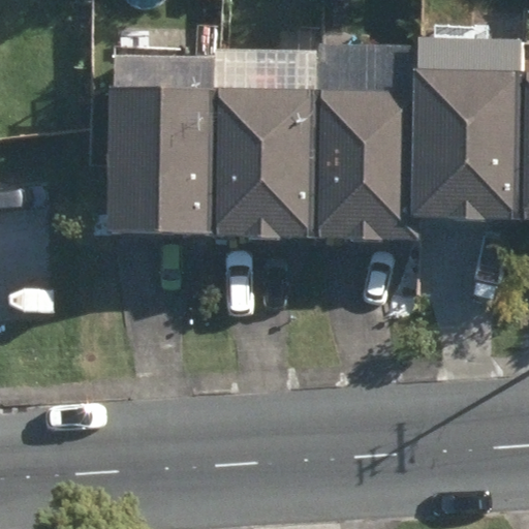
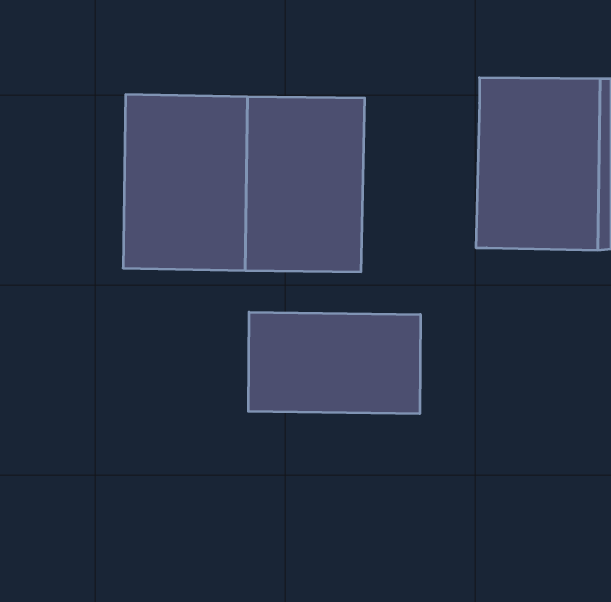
building: [312,85,421,237] -> none
building: none -> [248,312,420,414]

